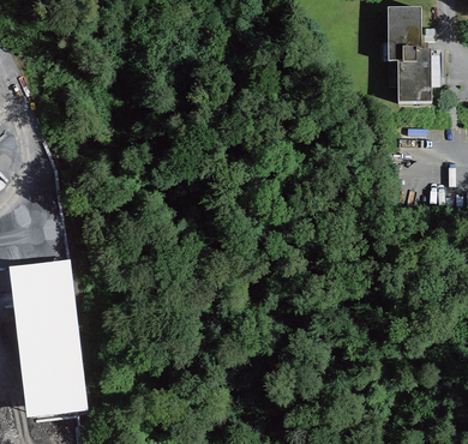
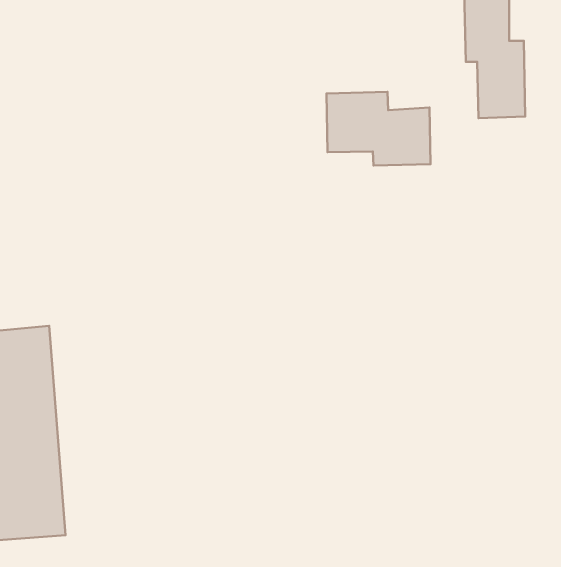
building: none -> [327,92,430,166]

